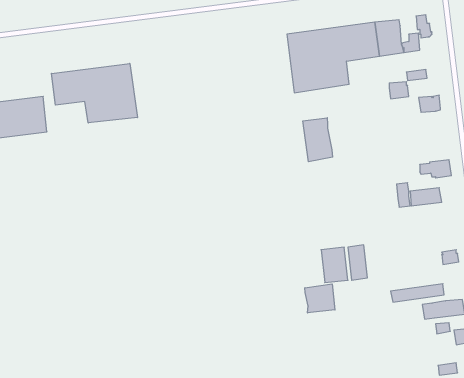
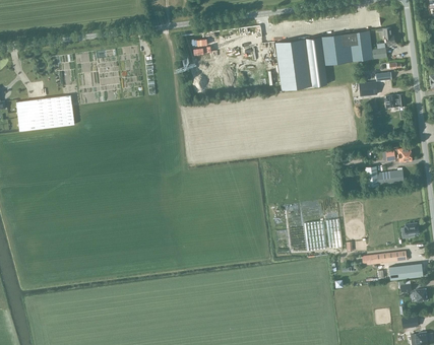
building: [51,63,137,123] -> none
building: [303,118,333,162] -> none
building: [305,284,335,313] -> none

